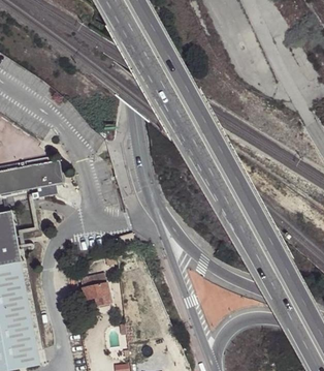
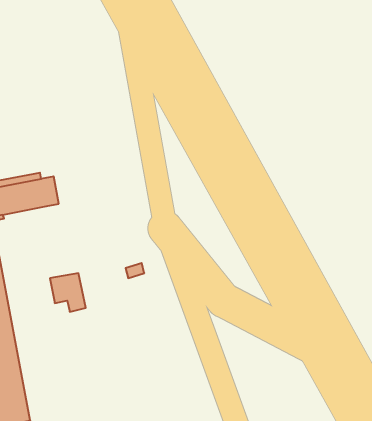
building: [80,275,110,307] -> [50,273,86,312]

